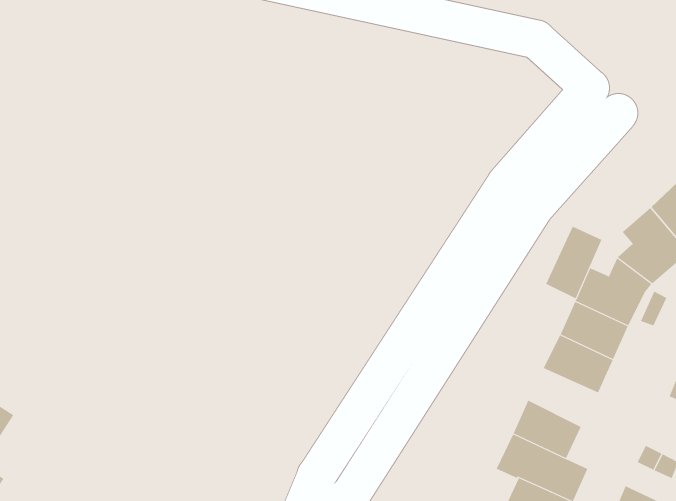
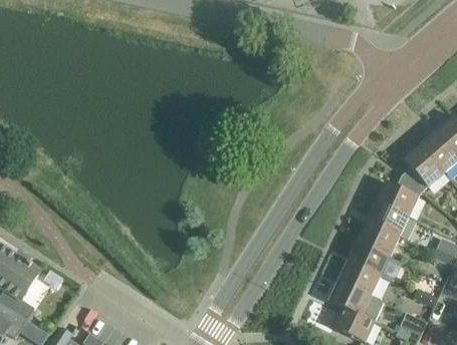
building: [545,226,602,299] -> none
building: none -> [344,245,386,280]

